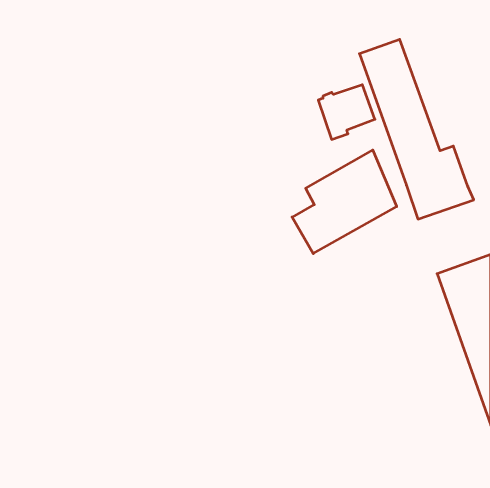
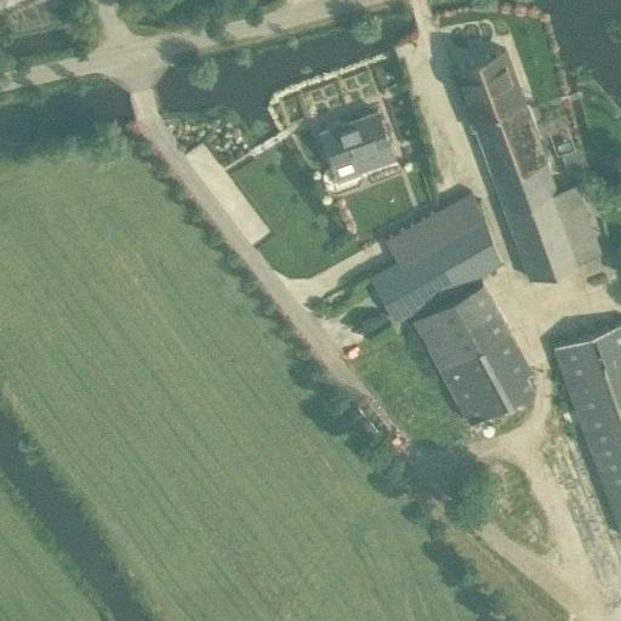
building: [318,85,375,139] -> [323,115,394,184]
building: none -> [414,283,535,425]

